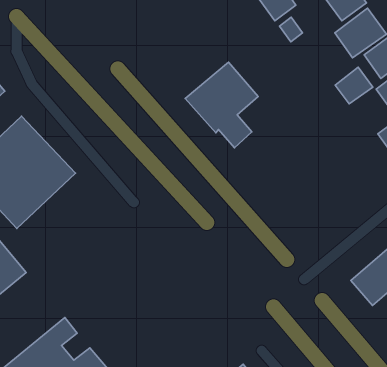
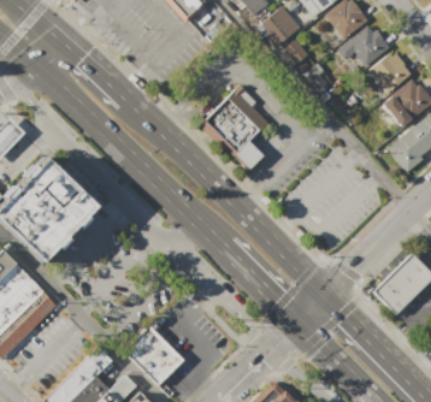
building: [335,67,373,104] -> none
building: none -> [124,325,182,383]

